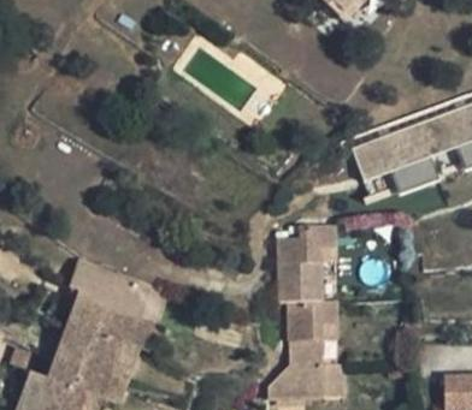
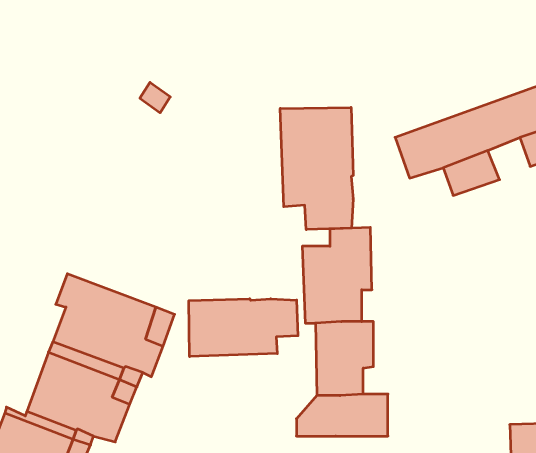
building: none -> [280,107,353,230]
building: none -> [189,299,298,357]

